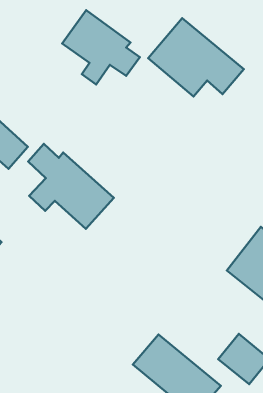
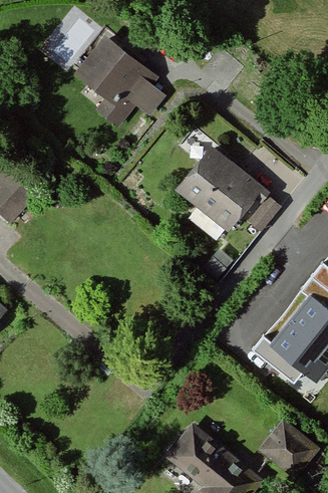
building: [148,18,244,97] -> [173,144,285,236]
building: [28,144,114,229] -> none

